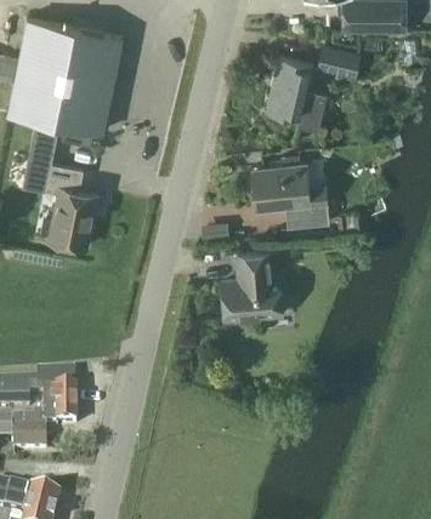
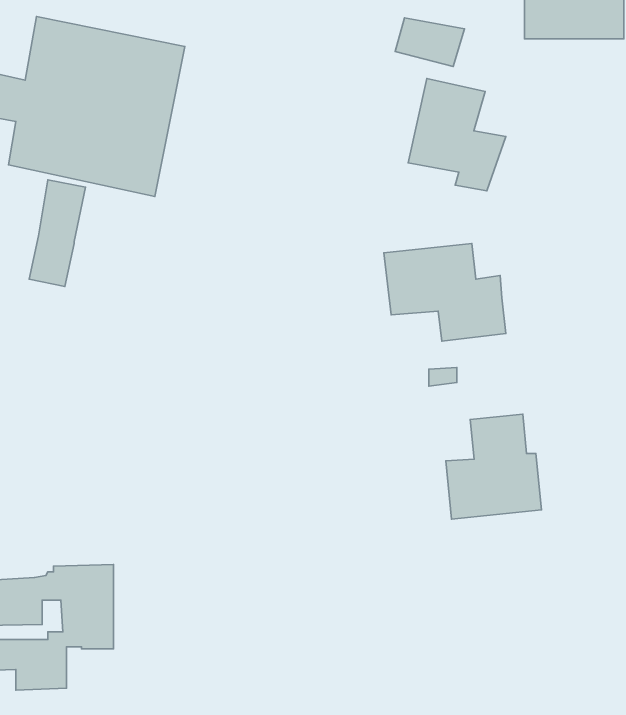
building: [317,46,362,78] -> [395,18,465,66]
building: [44,164,97,249] -> none
building: [221,251,283,319] -> [446,414,542,519]

